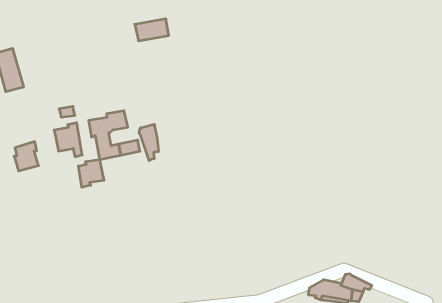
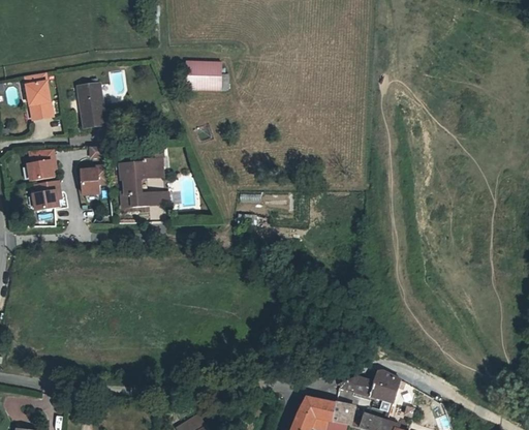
building: none -> [76,84,102,126]
building: none -> [29,154,55,185]
building: [139,124,158,161] -> none
building: [78,159,104,187] -> none

